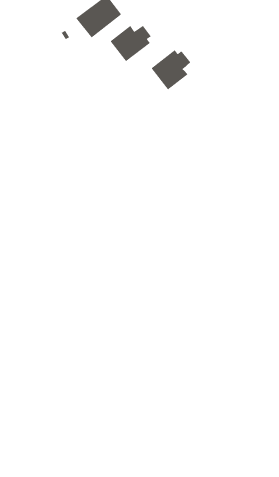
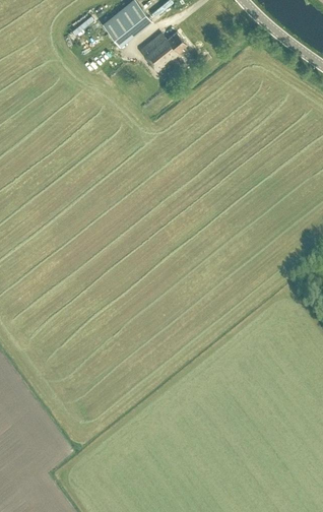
building: [150,49,191,91] -> none

